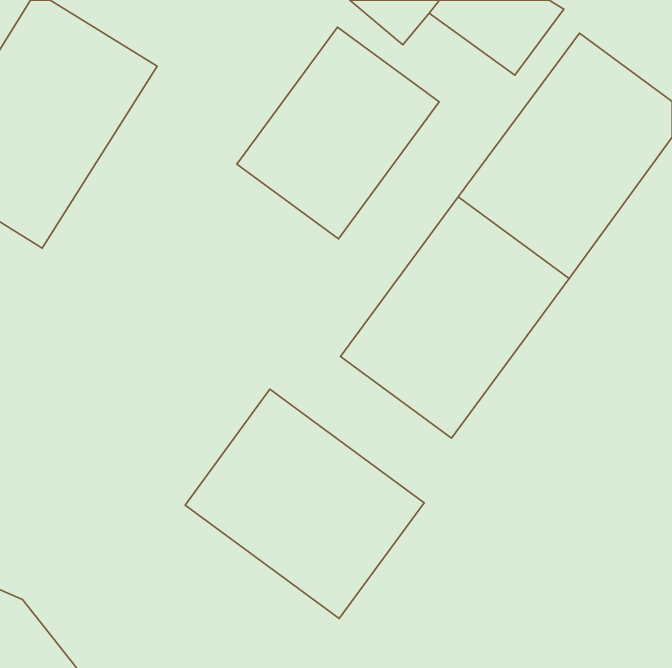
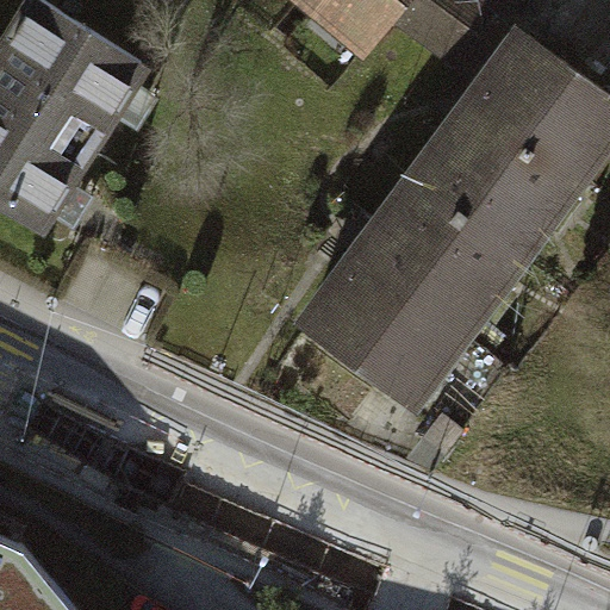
building: [237,27,439,239] -> none
building: [185,389,424,619] -> none

